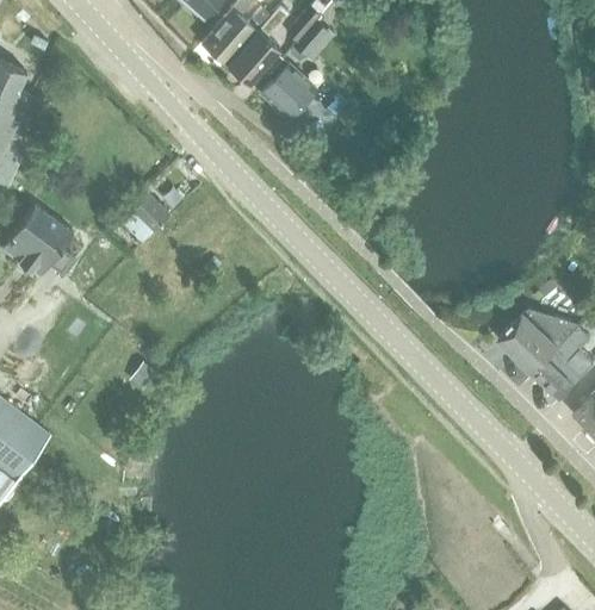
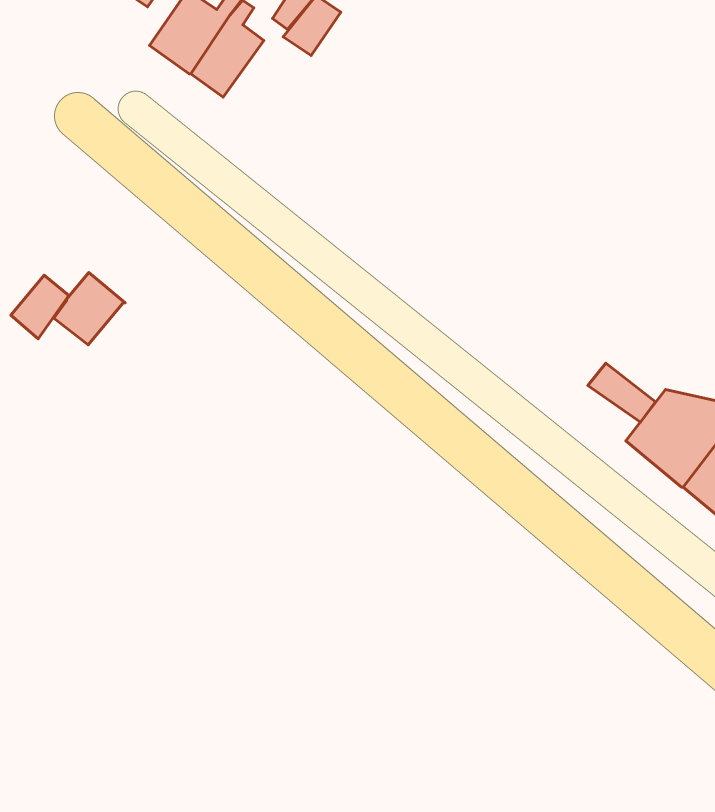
building: [261,58,317,119] -> none
building: none -> [11,275,69,339]
building: none -> [588,363,656,422]

